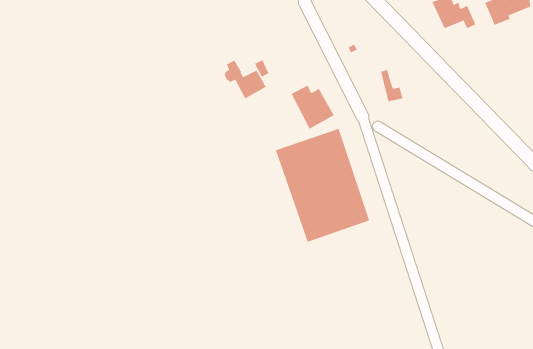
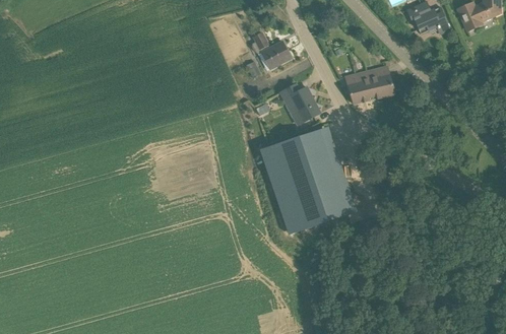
building: [224,60,267,99] -> [251,31,291,68]
building: none -> [369,65,395,96]
building: none -> [344,71,369,104]

